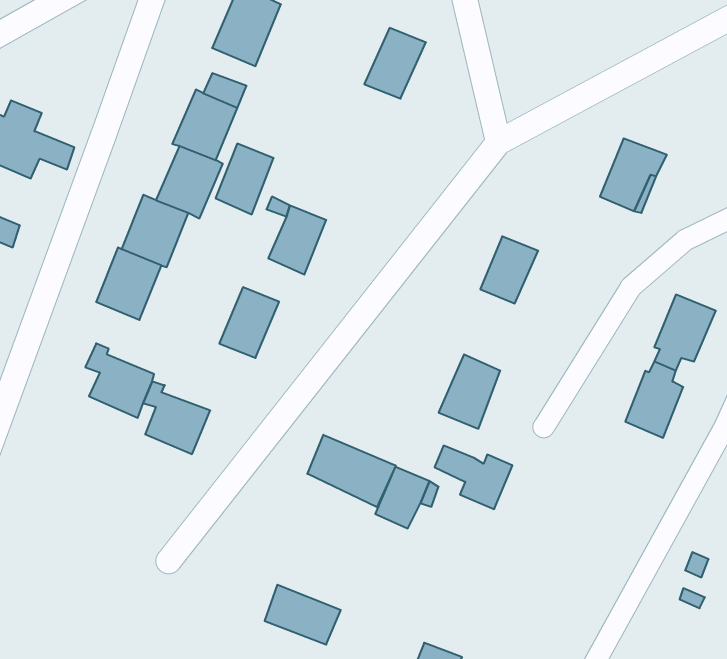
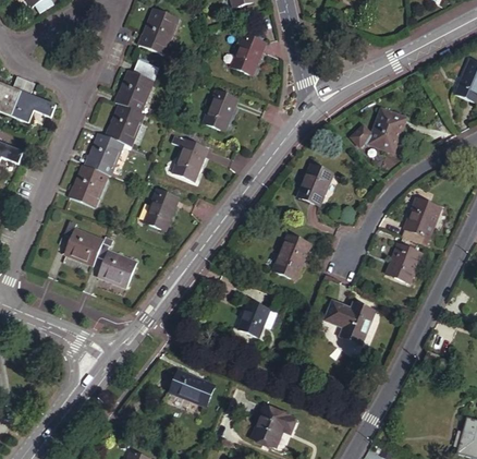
building: [216,144,274,214] -> [203,92,237,134]
building: [307,435,396,507] -> none
building: [435,446,512,509] -> [326,298,372,336]

